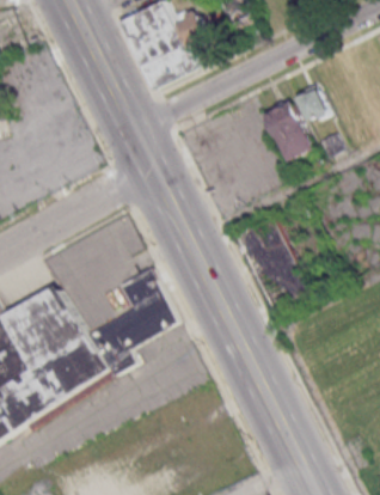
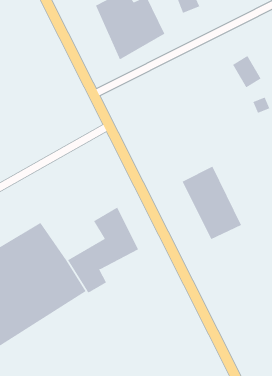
building: [263,97,312,160] -> none

